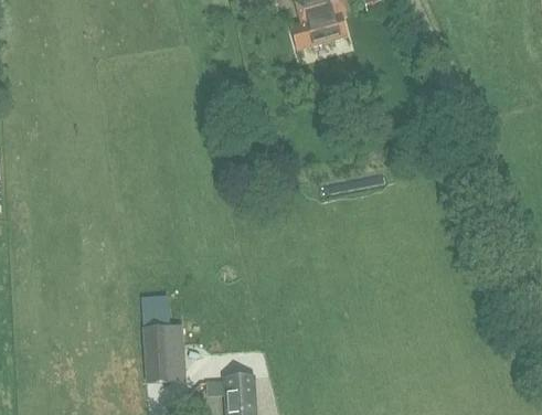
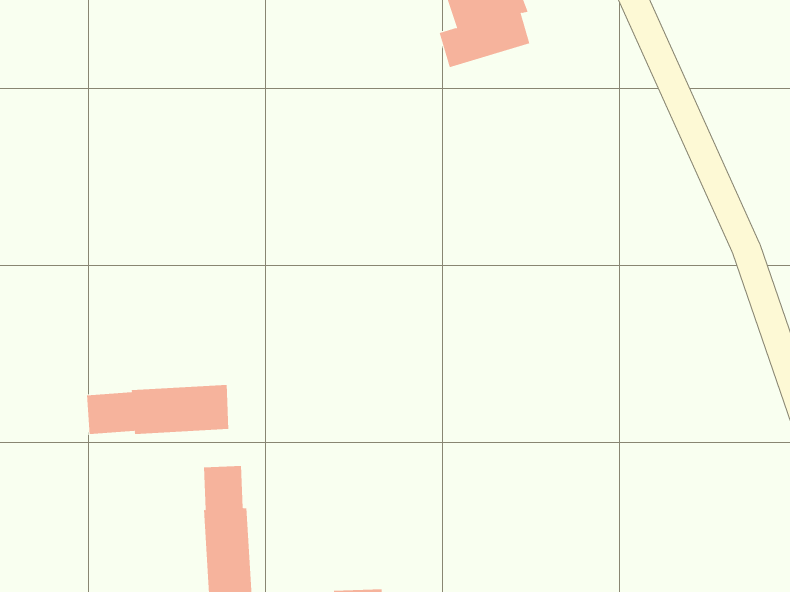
building: none -> [86,384,229,435]

